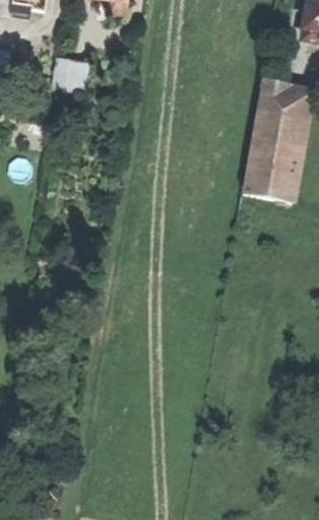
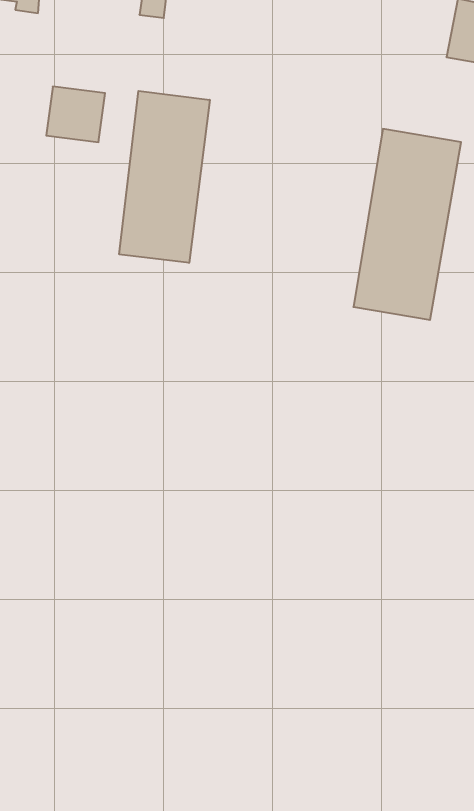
building: none -> [119,91,210,263]

